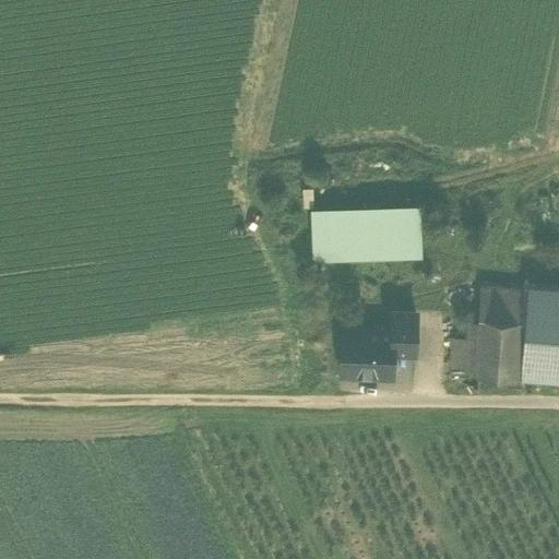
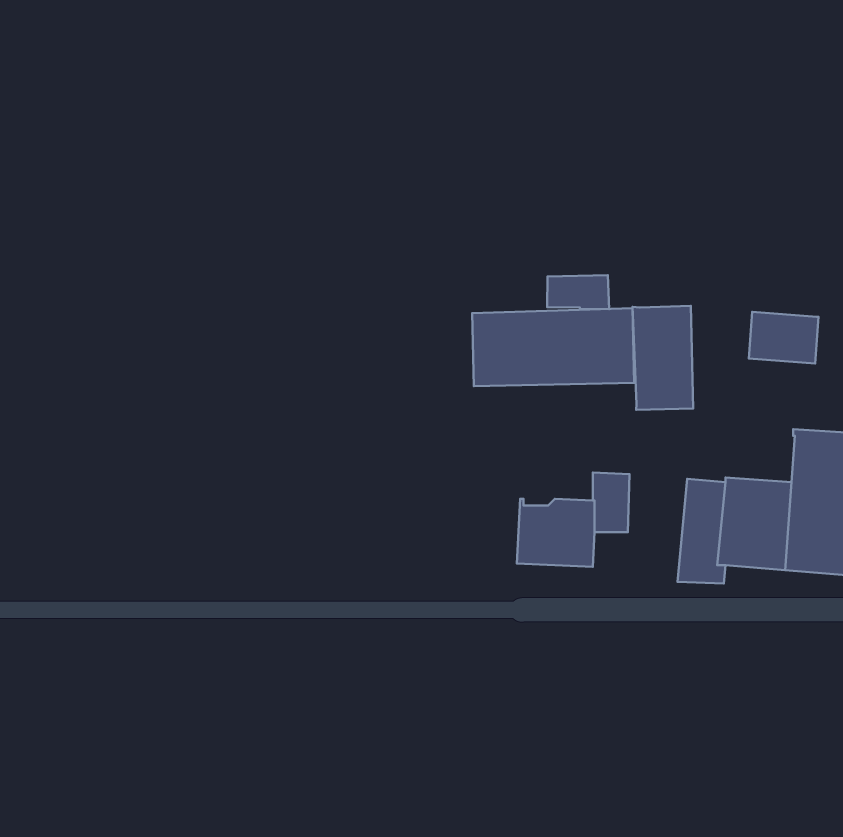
building: none -> [547,275,609,309]
building: none -> [633,306,693,410]
building: [480,290,526,324] -> [749,312,818,363]

